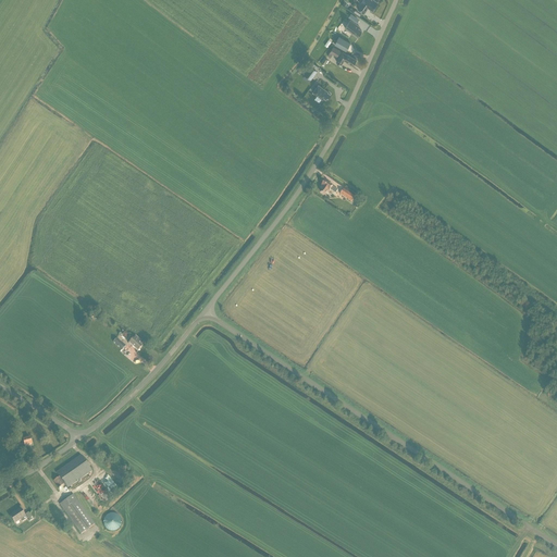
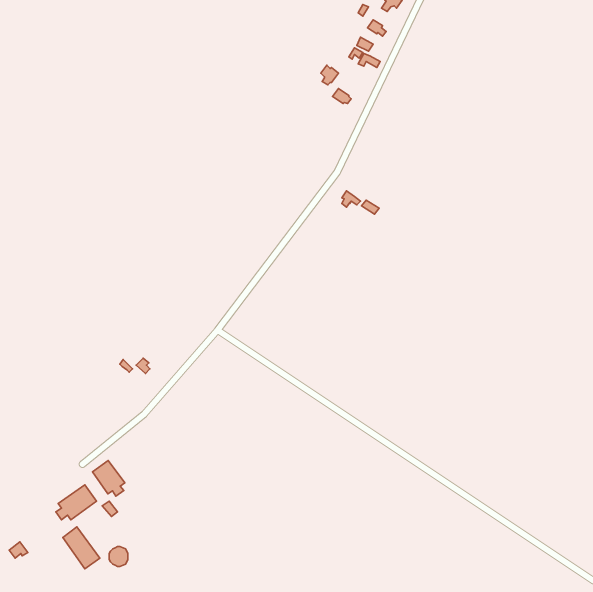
building: none -> [92,460,125,496]

